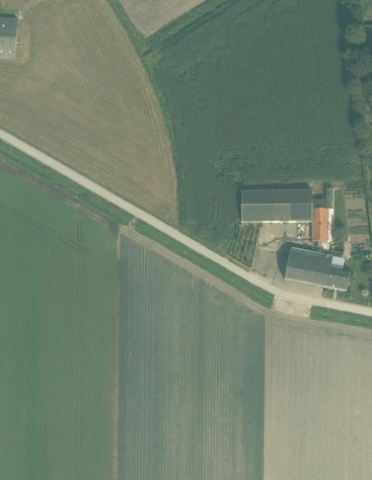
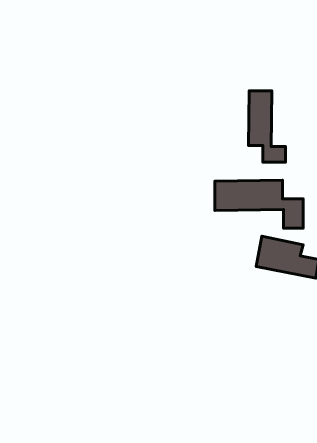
building: none -> [249,91,285,162]

